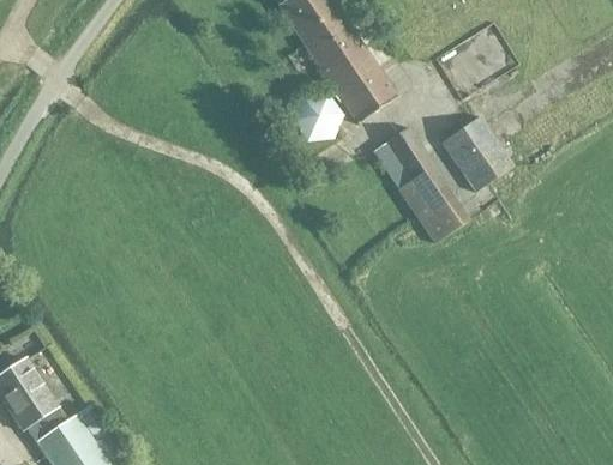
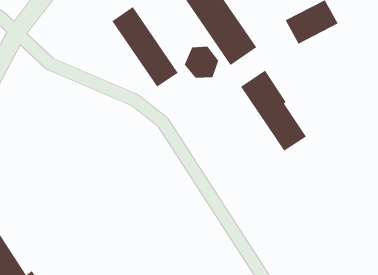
building: none -> [111,6,178,87]
building: [441,119,511,192] -> none

